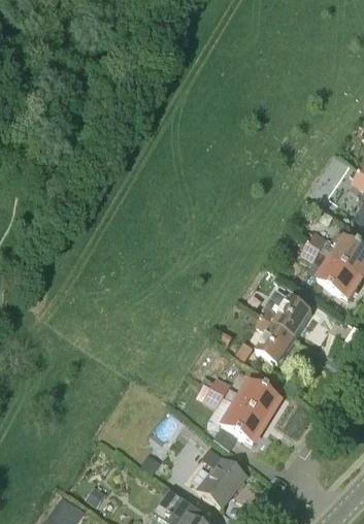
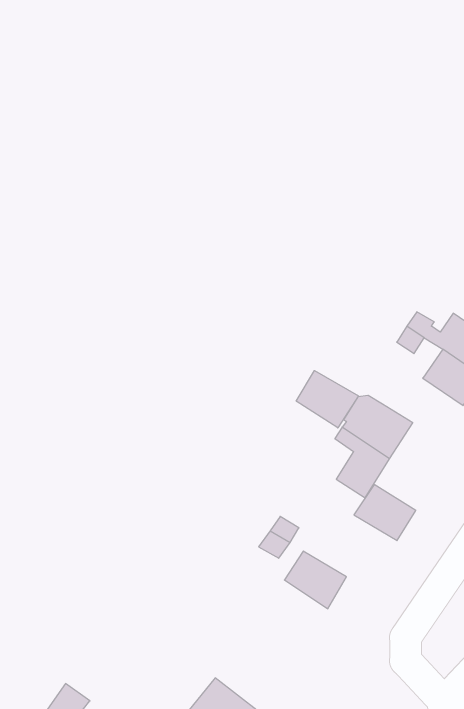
building: none -> [296,371,359,428]
building: [234,380,278,420] -> [354,484,416,541]
building: [196,456,245,506] -> none

